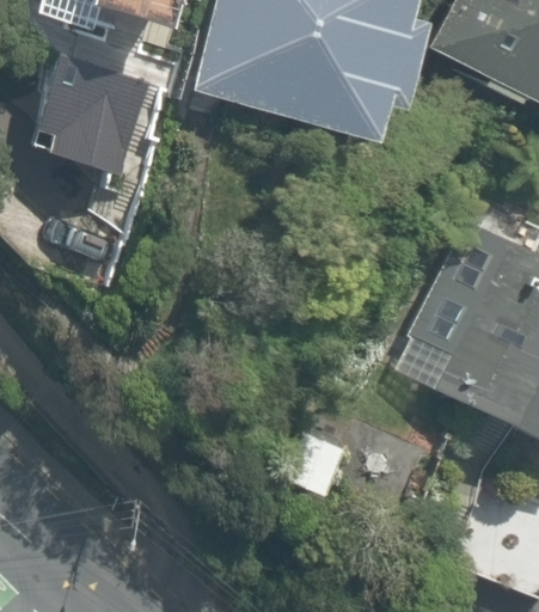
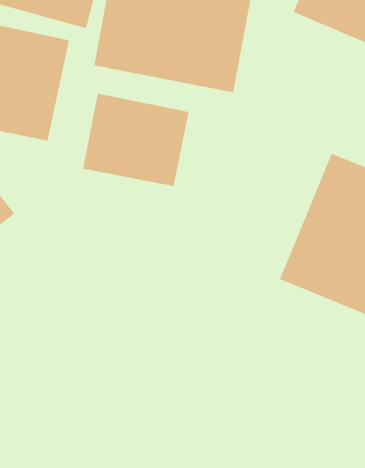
building: none -> [83,93,189,187]

